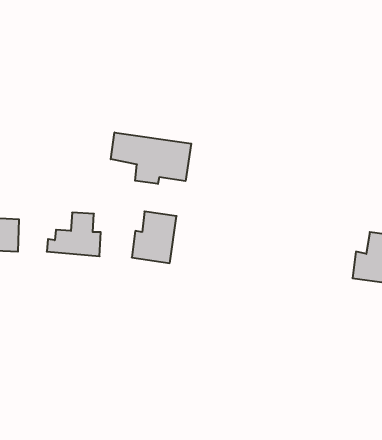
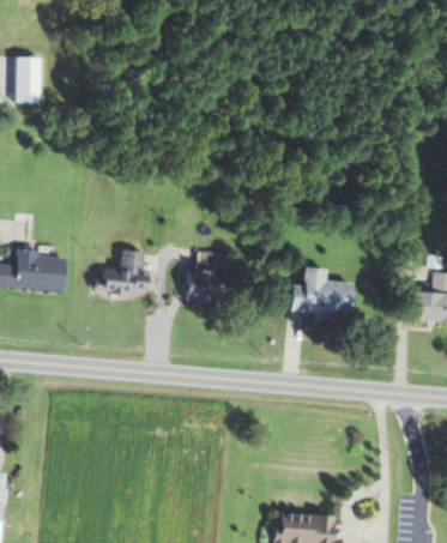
building: [111,132,191,184] -> none
building: none -> [290,267,356,321]

